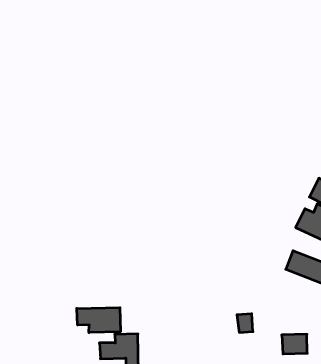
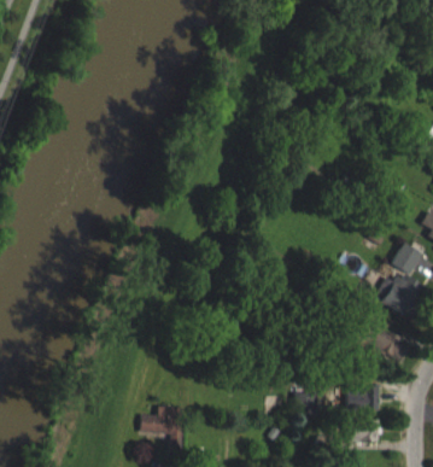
building: none -> [347,385,379,409]
building: [77,308,120,333] -> none

